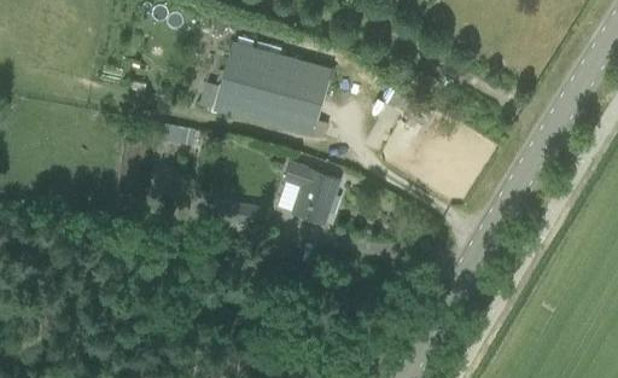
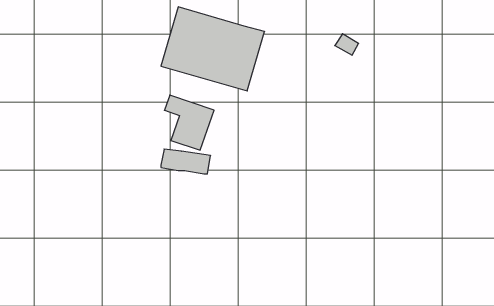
building: [285,163,340,225] -> [164,95,214,150]

